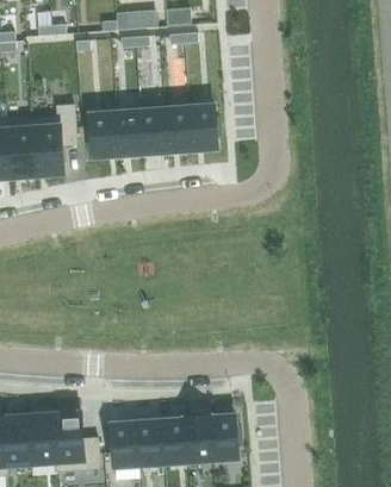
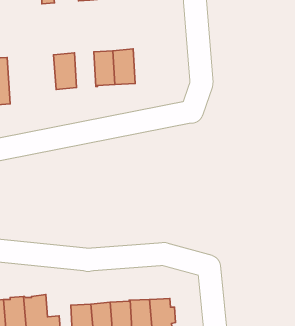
building: [31,106,75,176] -> none
building: [187,107,219,151] -> none
building: [114,112,141,156] -> none

